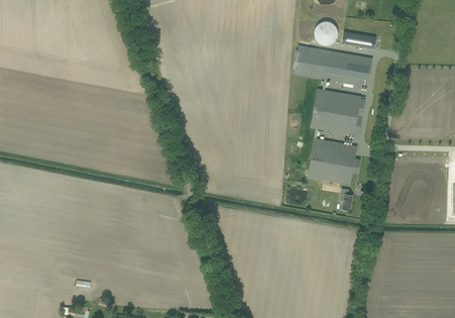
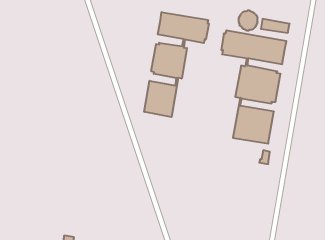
building: none -> [144,12,209,117]

